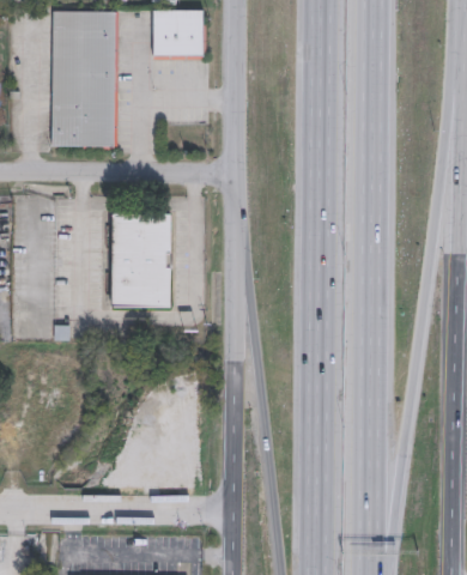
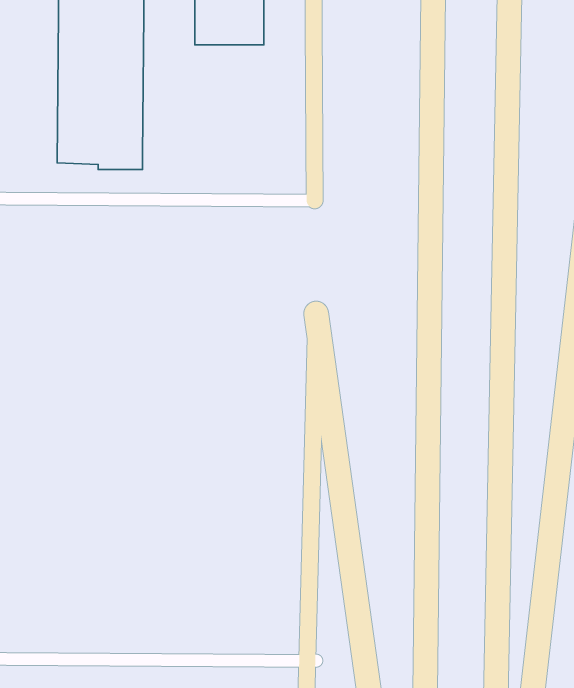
building: [104,212,170,307] -> none

